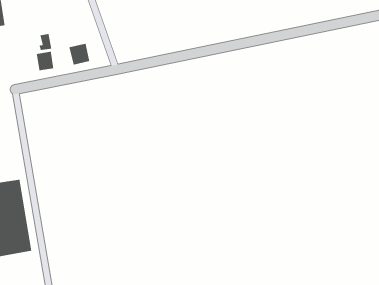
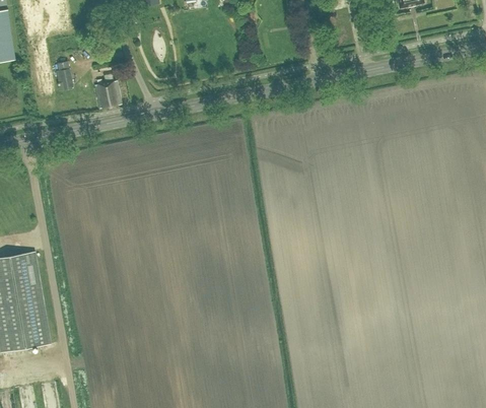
building: [36,51,54,71] -> none

